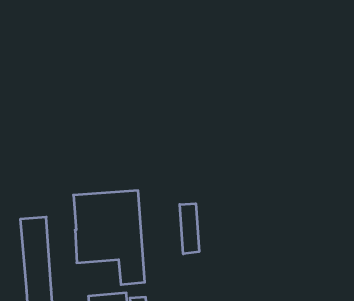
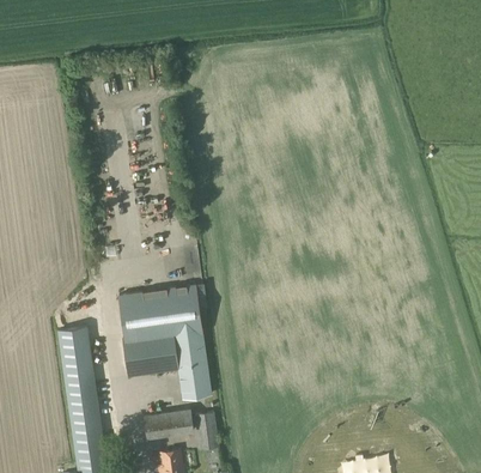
building: [180,204,199,254] -> none

